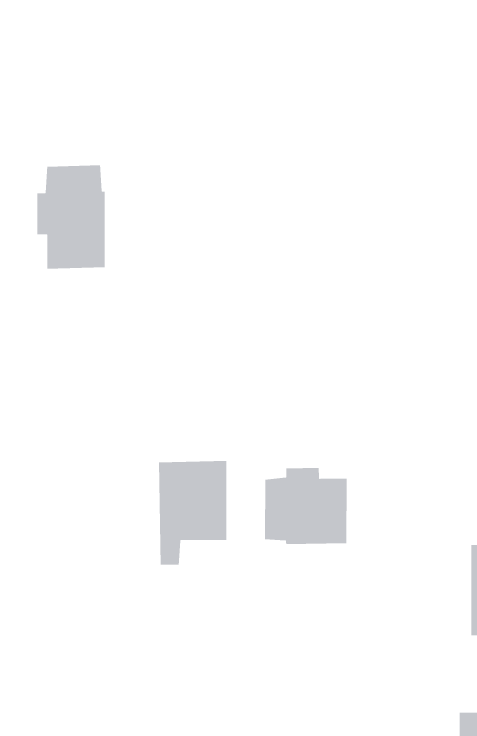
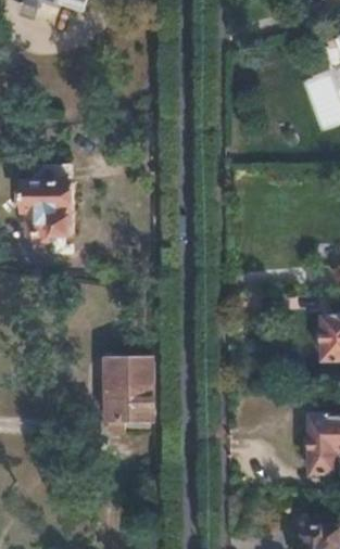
building: [264,467,347,545] -> none

